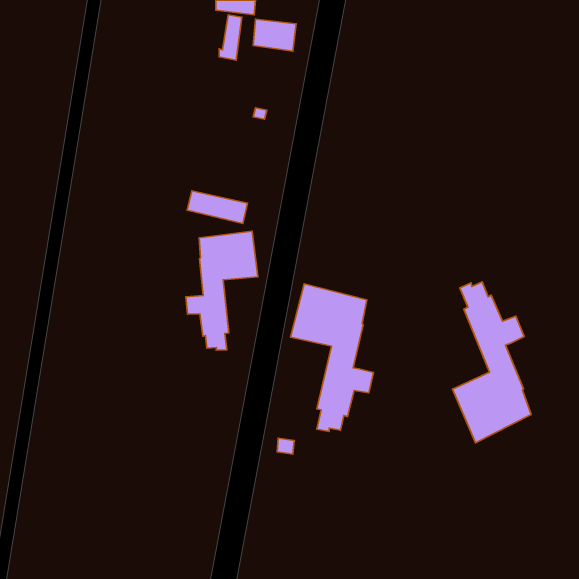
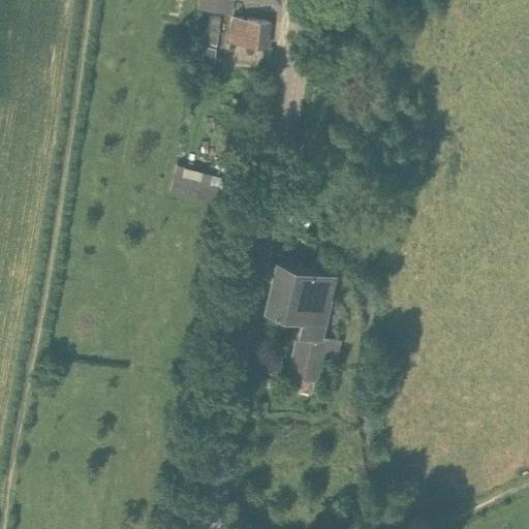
building: [186,231,258,350] -> none
building: [453,282,531,443] -> none

